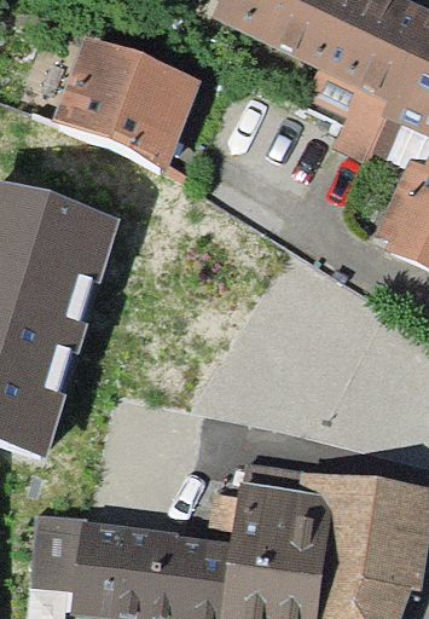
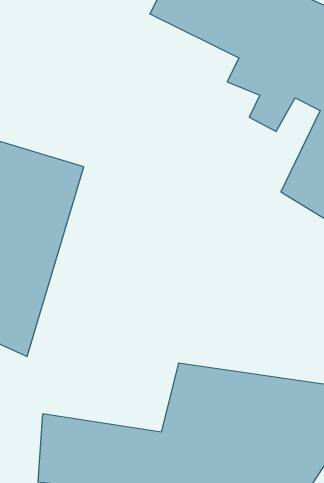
building: [46,42,191,173] -> none

